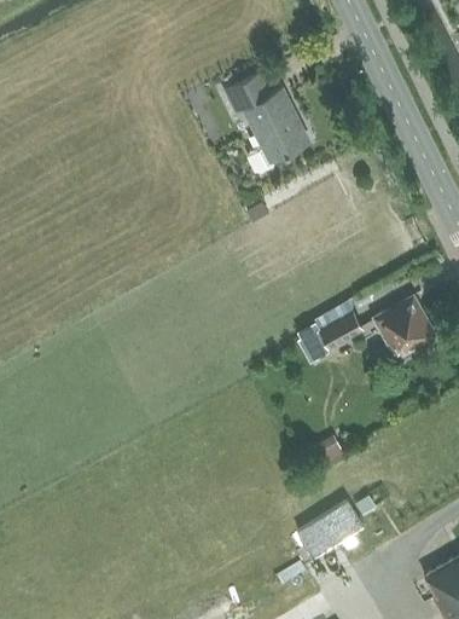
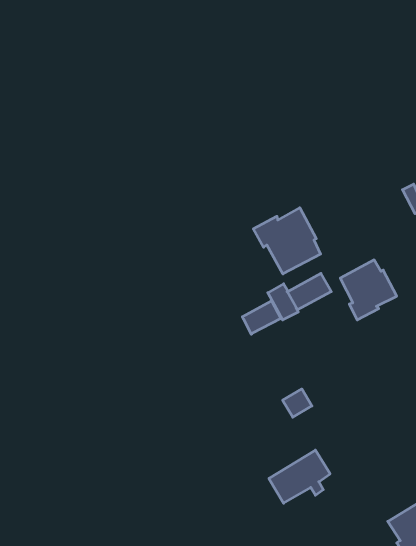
building: [225,71,310,173] -> none
building: none -> [253,208,321,274]
building: none -> [242,301,281,334]

